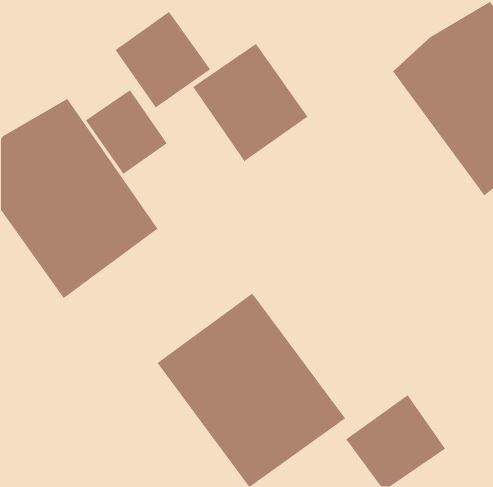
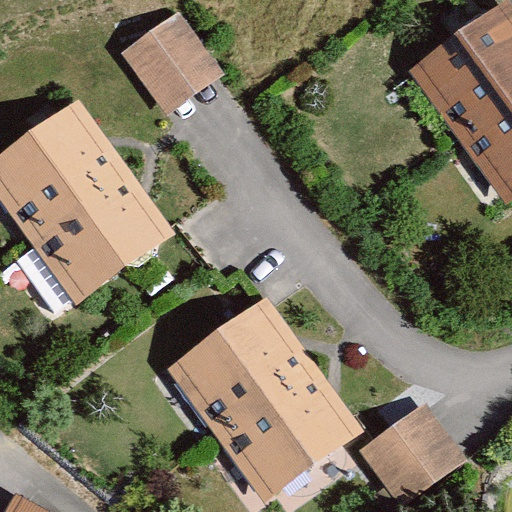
building: [192,43,309,162] -> none
building: [85,89,168,175] -> none

